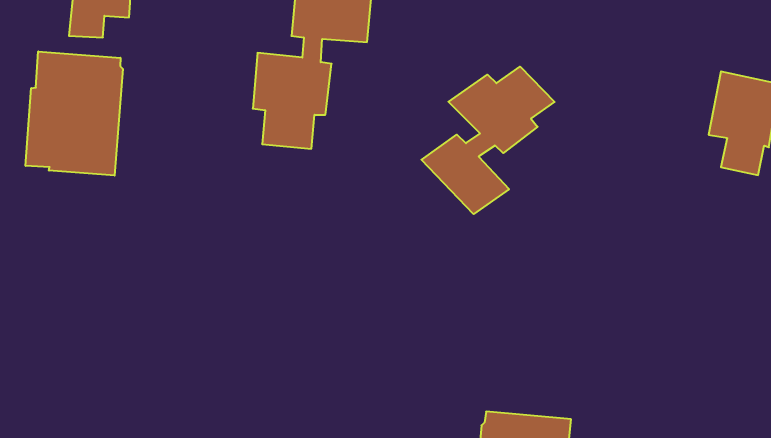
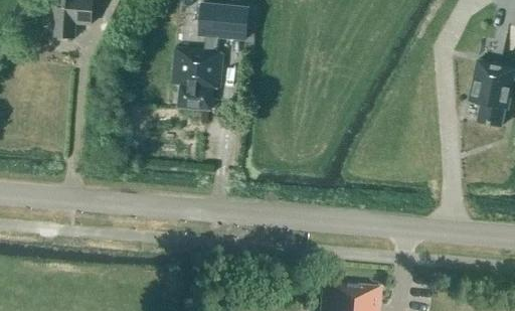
building: [26,51,123,176] -> none
building: [421,67,555,214] -> none

